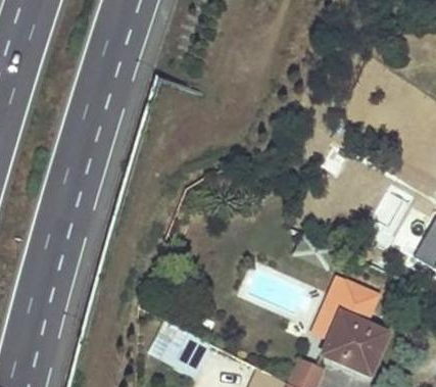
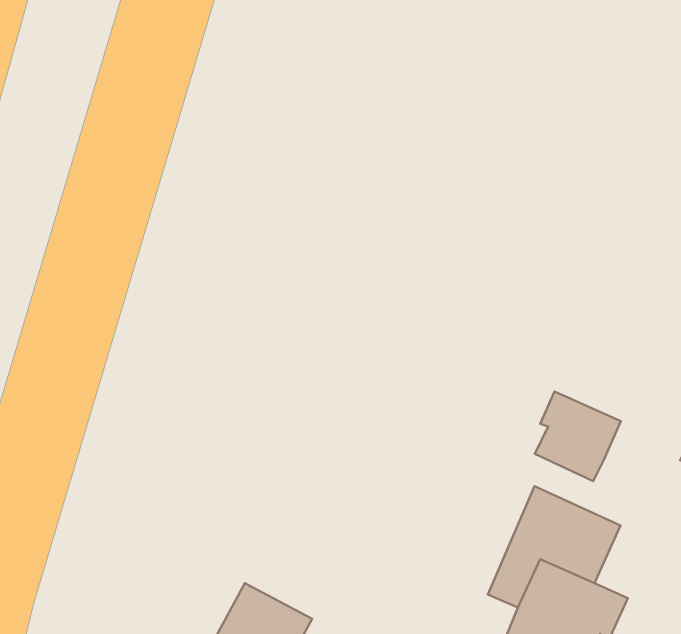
building: none -> [535,391,621,481]

